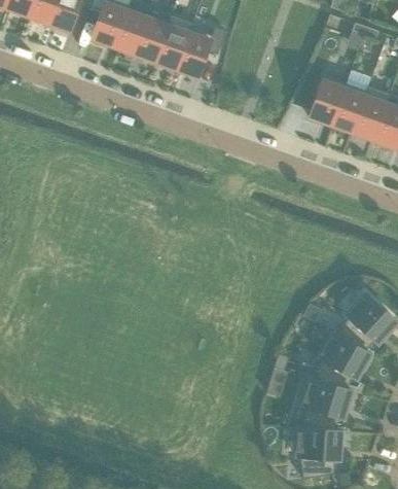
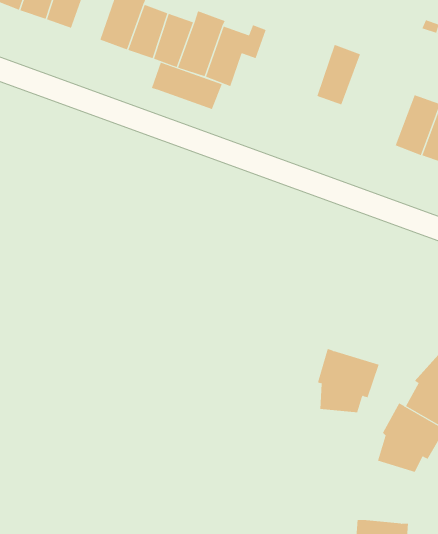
building: none -> [151,62,223,110]
building: [309,75,345,125] -> [316,44,361,105]
building: [301,378,352,430] -> [317,348,379,413]

